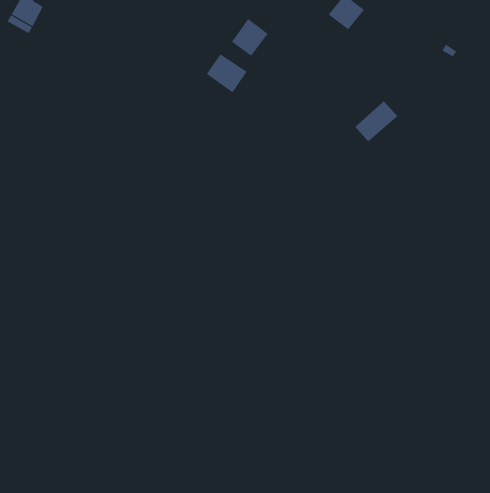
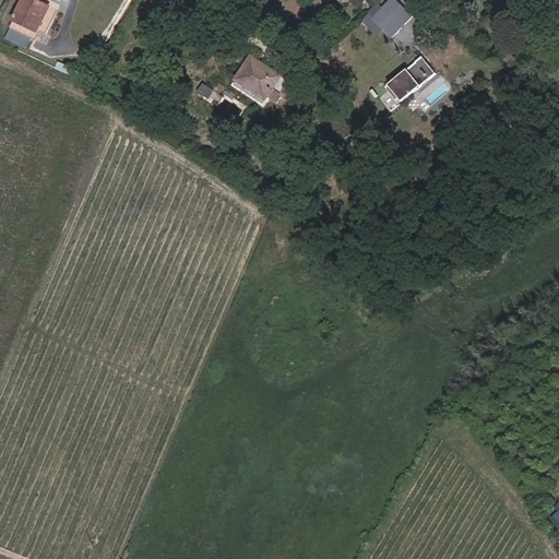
building: [231,18,269,56] -> none
building: [355,101,398,142] -> [386,53,436,100]

